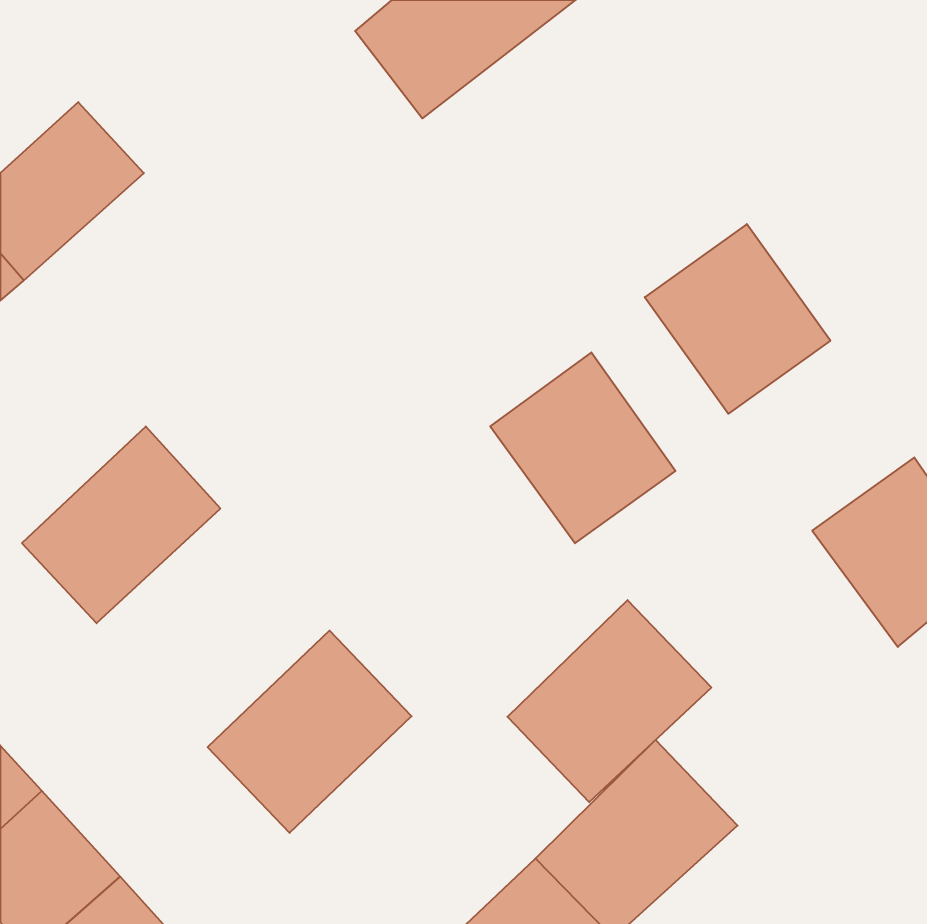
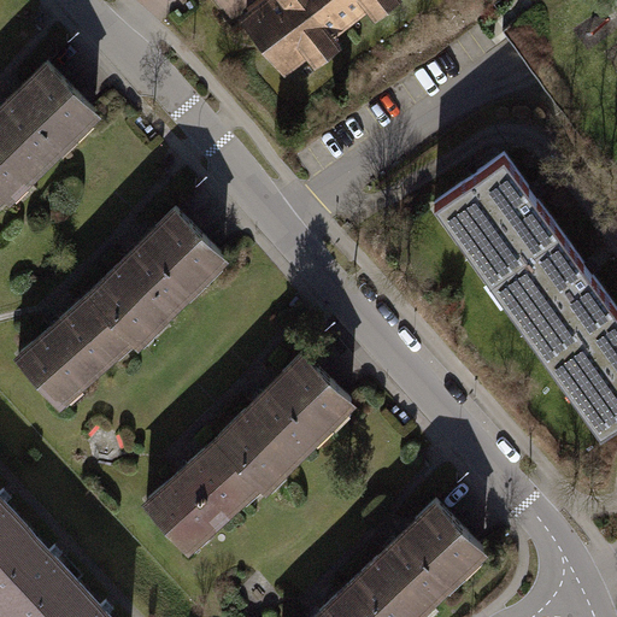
building: none -> [99,211,231,341]
building: none -> [484,230,607,355]
building: [490,352,675,543] -> none
building: [507,600,711,802] -> [221,345,355,478]

